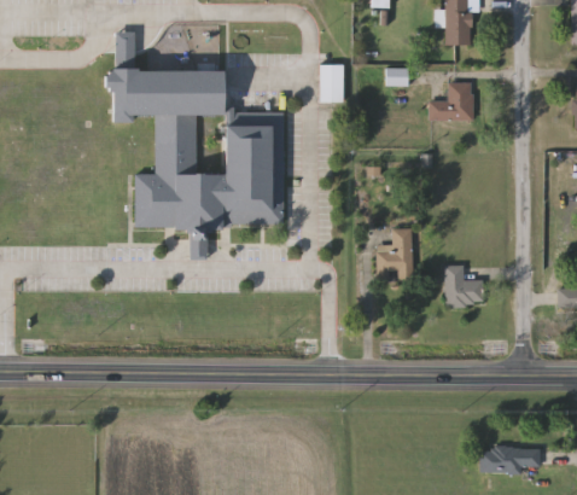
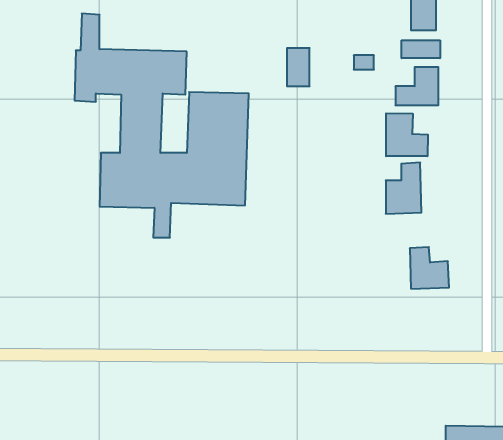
building: none -> [402,40,440,58]
building: none -> [386,113,428,156]
building: [378,228,414,280] -> [386,163,421,214]

